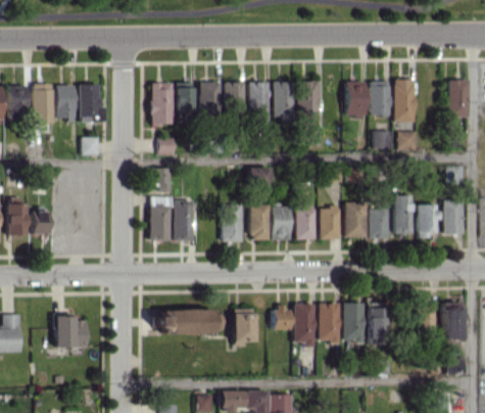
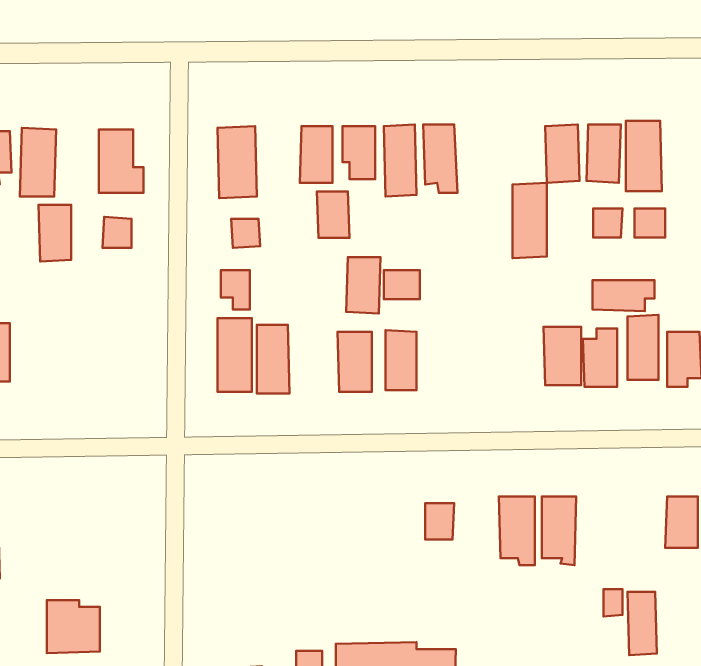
building: [299,81,320,126] -> [513,183,547,258]
building: [176,84,195,111] -> [317,191,349,238]
building: [56,86,76,120] -> [39,205,71,261]
building: none -> [593,280,654,311]
building: [296,206,317,239] -> none
building: [272,208,292,241] -> [346,257,381,314]
building: [321,208,341,239] -> none
building: [33,210,52,234] -> none
building: [294,304,316,348] -> none
building: [370,309,387,347] -> [628,592,657,655]
building: [234,310,255,347] -> none
building: [155,312,221,334] -> none
building: [56,317,88,349] -> [47,600,100,653]

